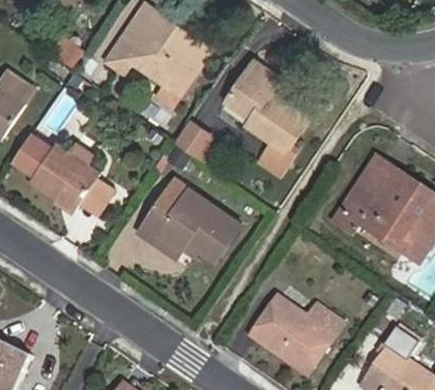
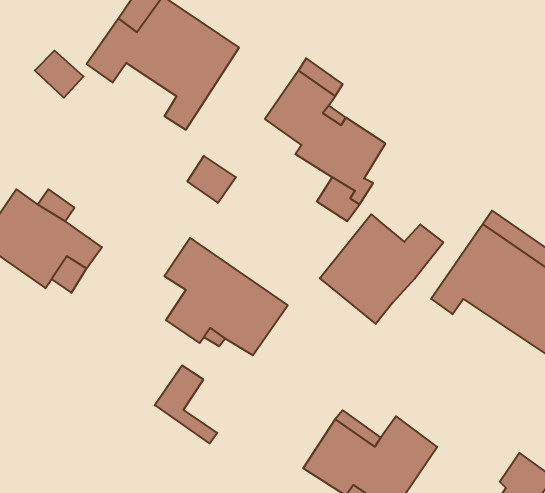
building: none -> [320,214,443,324]
building: [138,207,180,260] -> [155,366,217,443]

